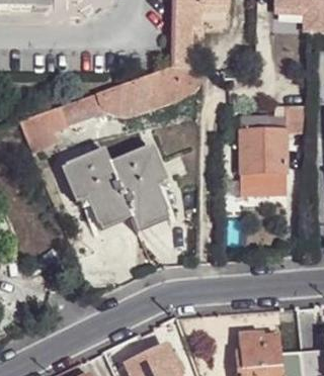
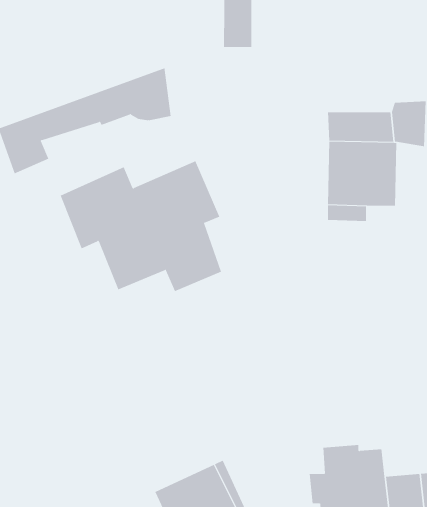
building: [134,68,200,113] -> none

